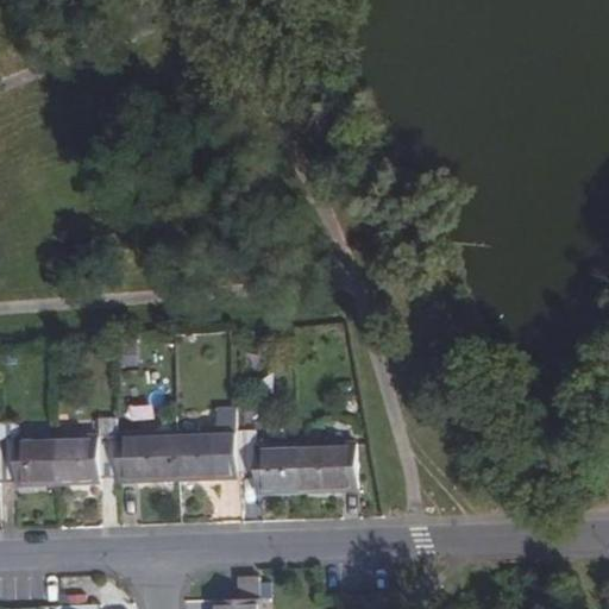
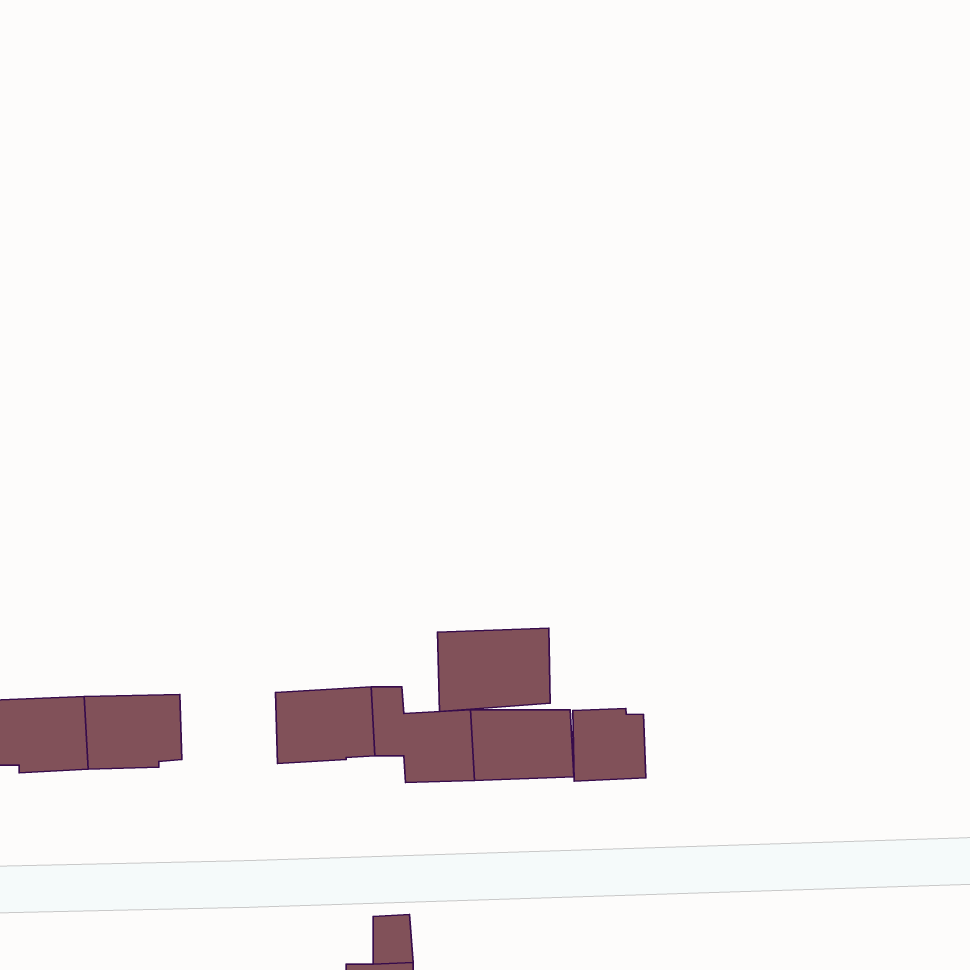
building: none -> [438,628,550,712]
building: [112,435,172,481] -> none
building: none -> [573,709,646,781]

